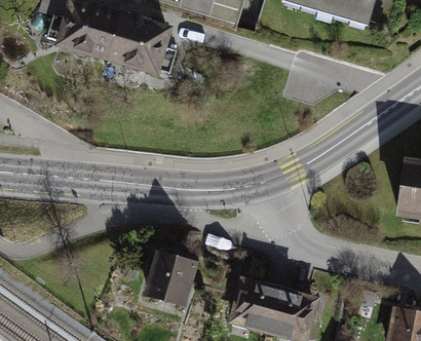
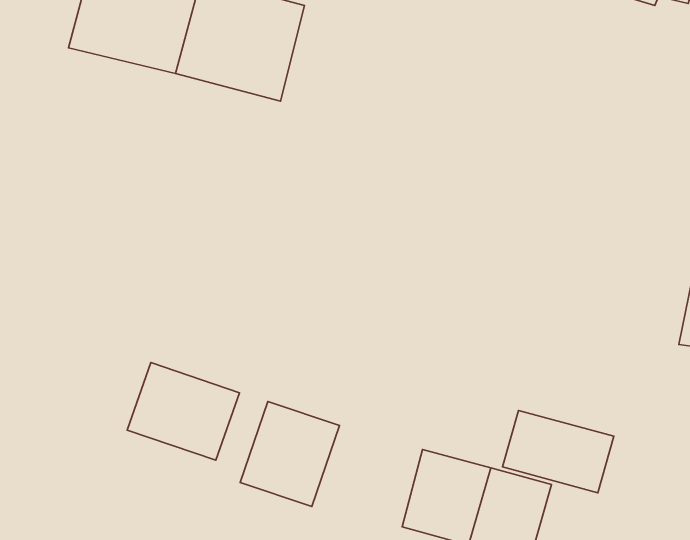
building: none -> [127,363,239,460]
building: none -> [502,411,614,493]

